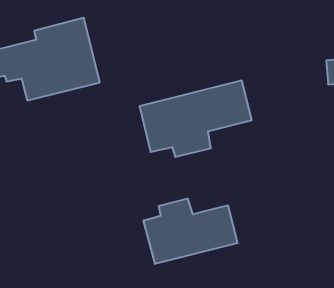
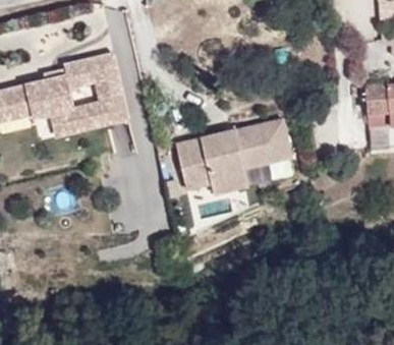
building: [144,199,237,264] -> none

